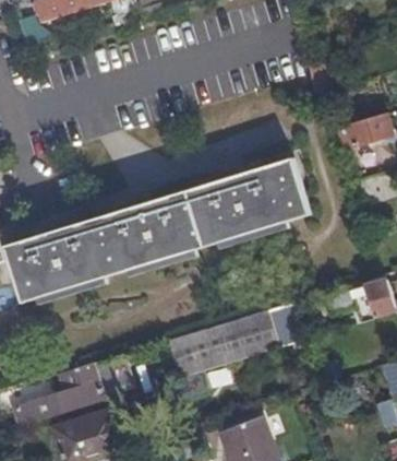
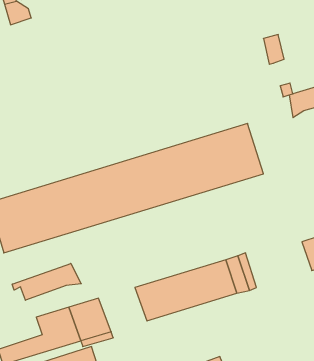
building: none -> [12,263,81,300]

